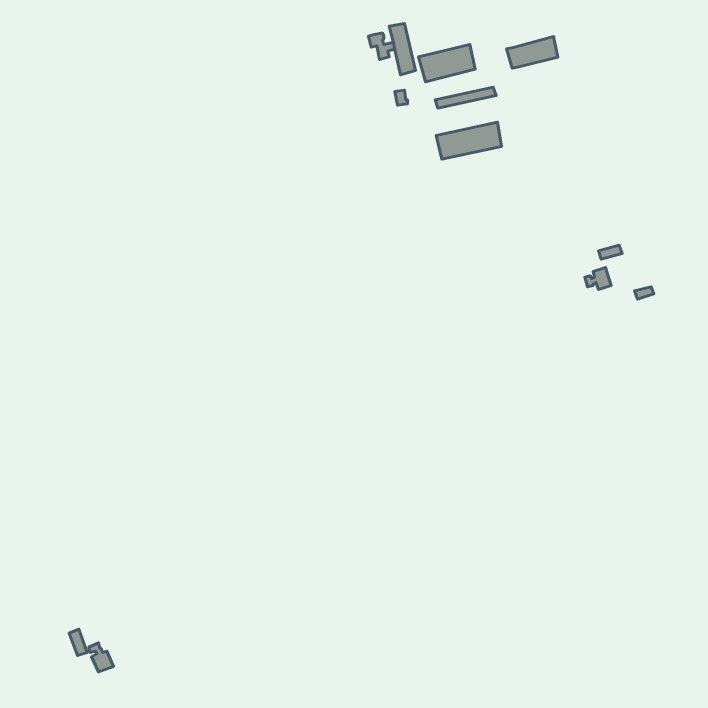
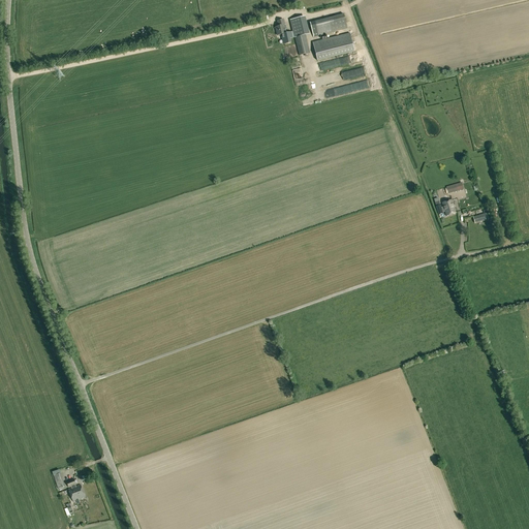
building: [506,36,558,68] -> [309,13,347,37]
building: [436,122,502,159] -> none

